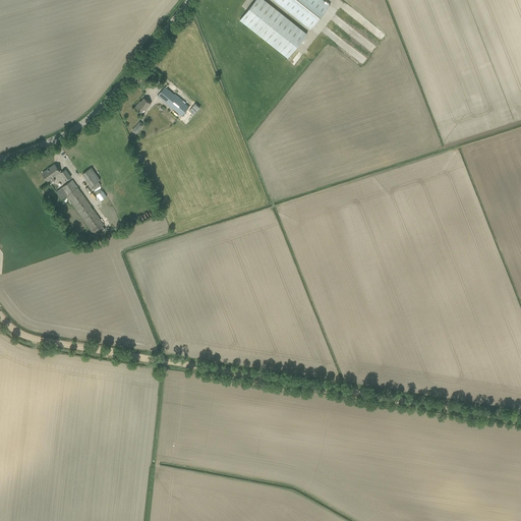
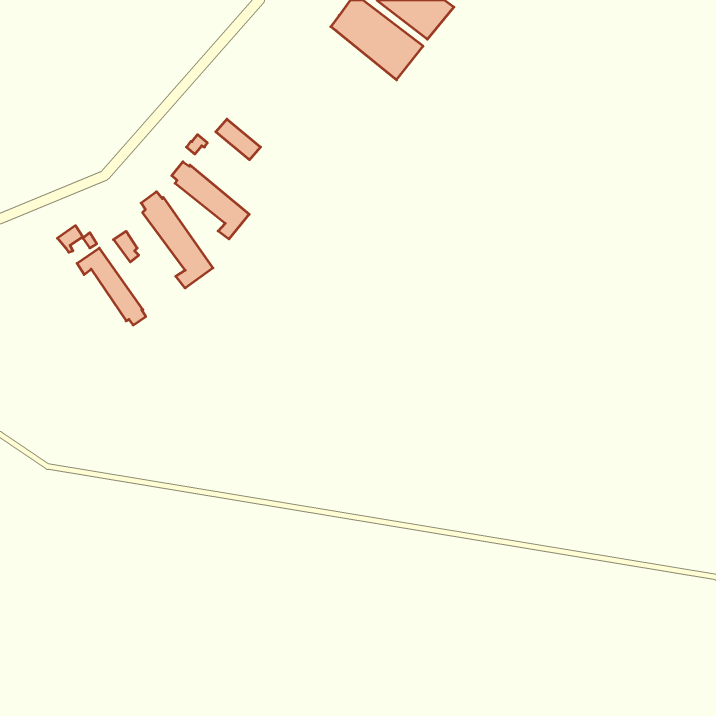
building: none -> [172,162,249,239]
building: none -> [141,192,213,288]

